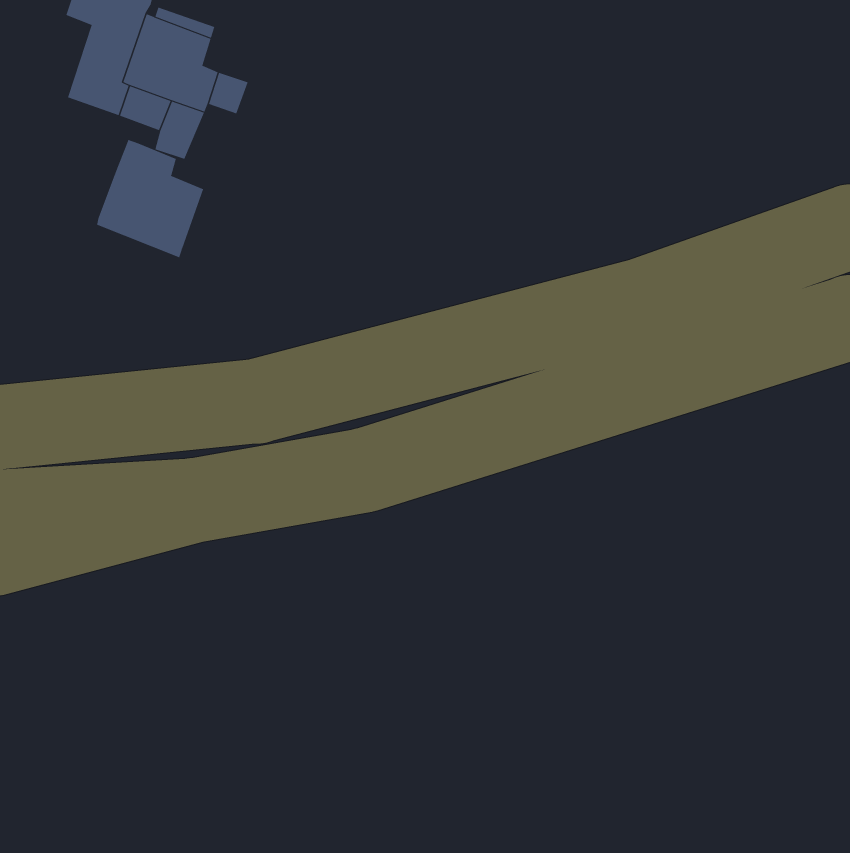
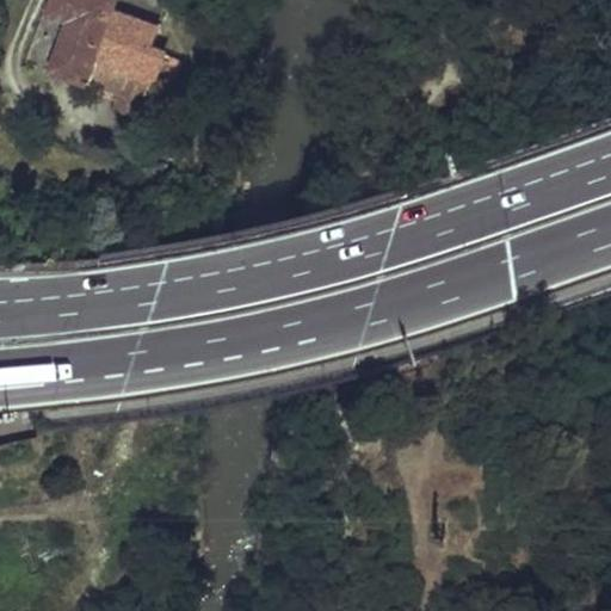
building: [96,139,204,258] -> none

